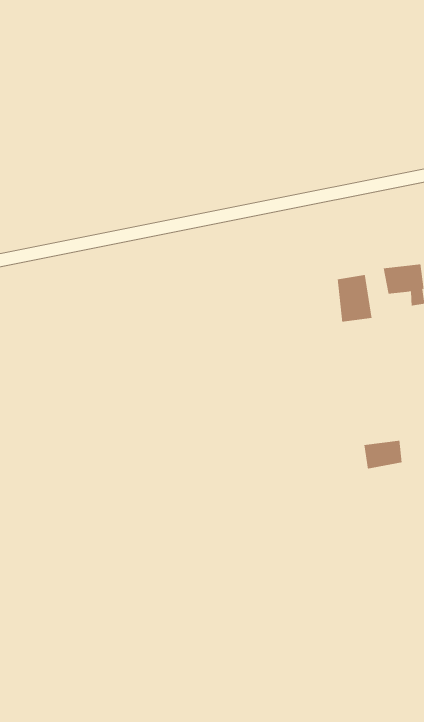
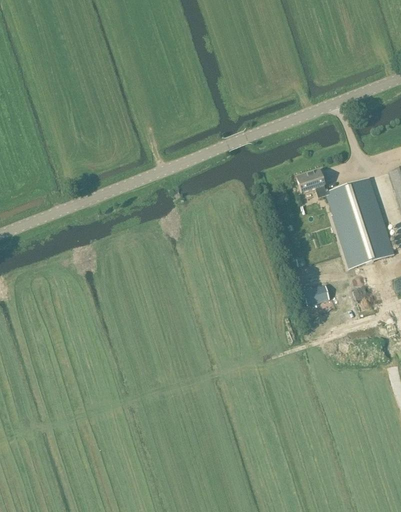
building: [337,274,372,322] -> none

